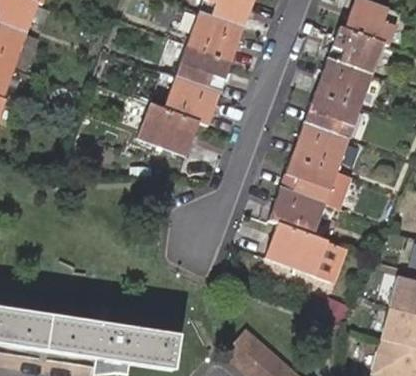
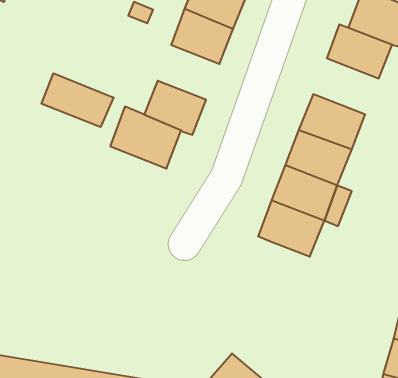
building: [179,42,234,91] -> none
building: [317,54,375,104] -> none
building: none -> [41,73,114,127]
building: [265,216,348,277] -> none

